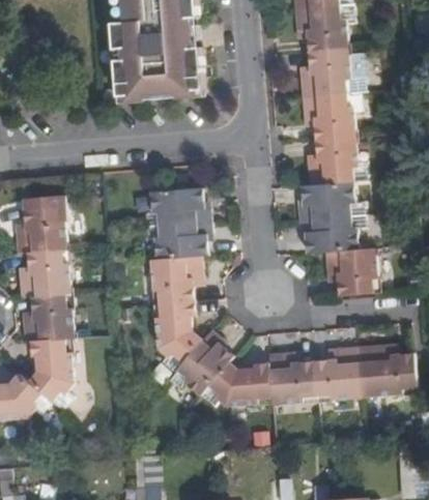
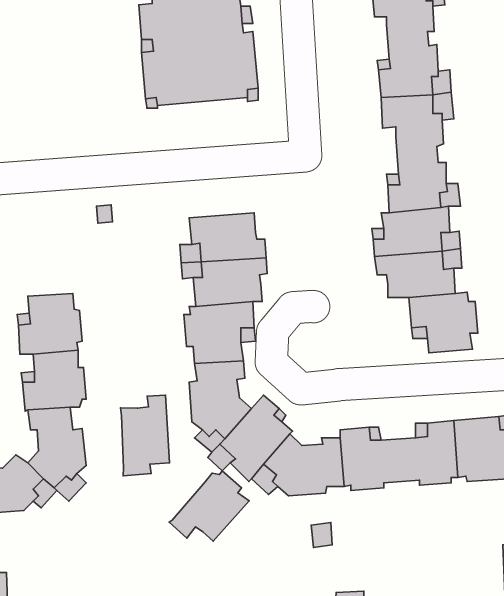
building: [13,204,64,251] -> none
building: none -> [120,395,170,476]
building: none -> [169,471,249,541]

